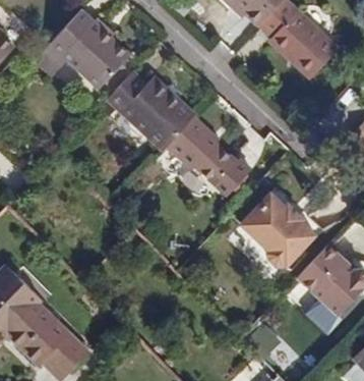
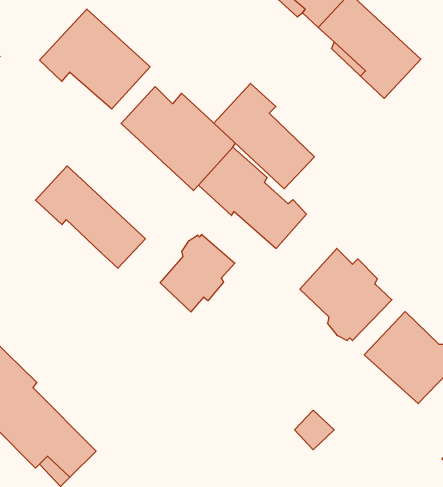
building: none -> [214,83,314,189]
building: none -> [35,166,145,268]
building: none -> [160,234,235,312]

